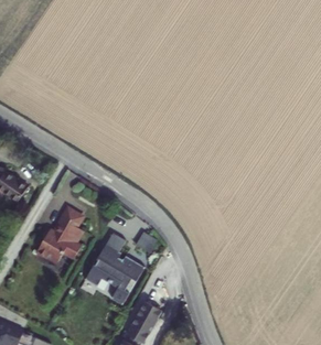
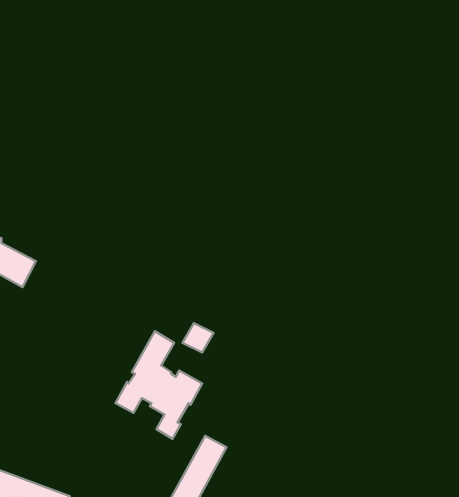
building: [39,209,84,263] -> none

